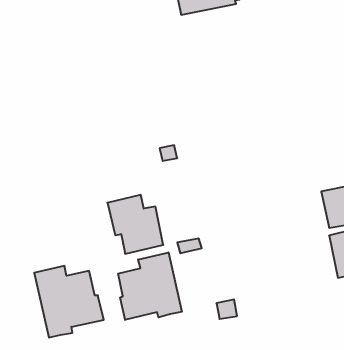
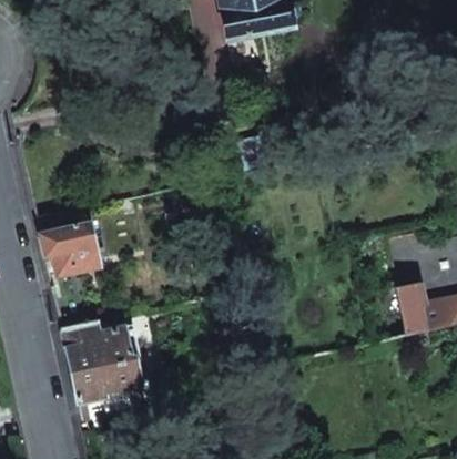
building: [107,195,163,254] -> [37,210,100,276]
building: [118,252,182,320] -> none

